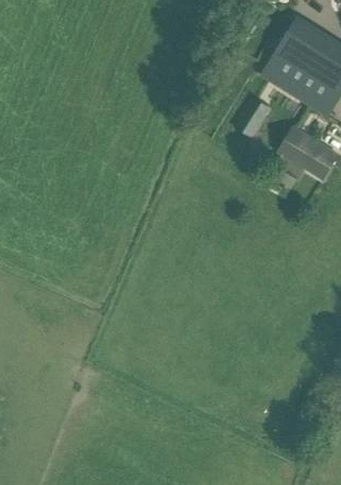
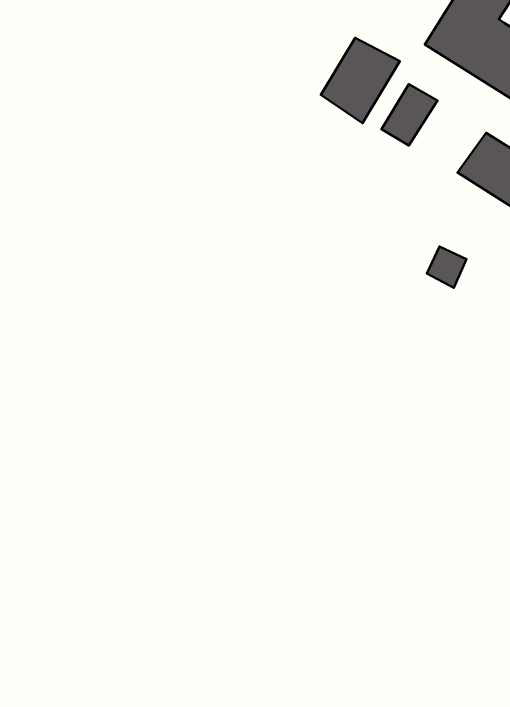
building: none -> [321,38,400,123]

